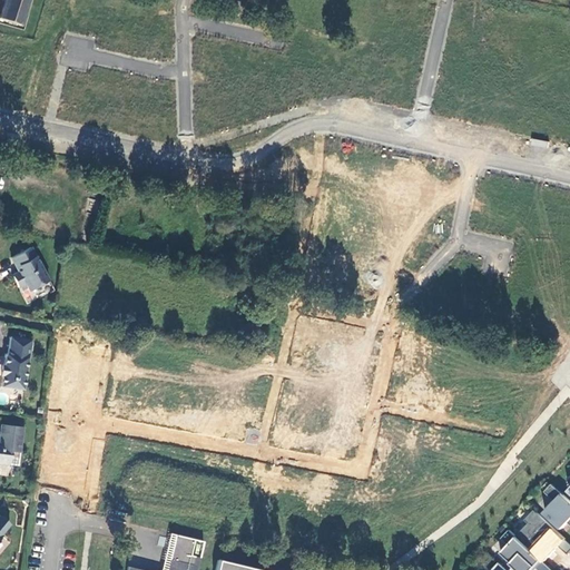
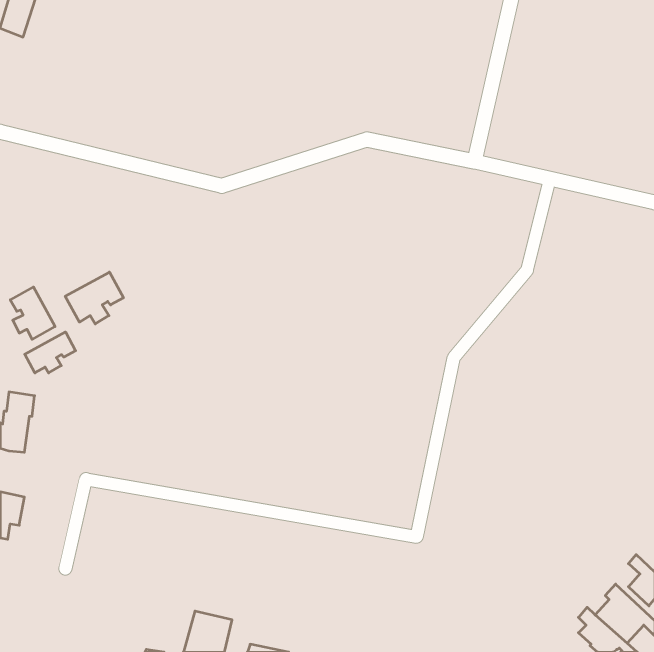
building: none -> [65,272,123,324]
building: none -> [25,332,76,373]

